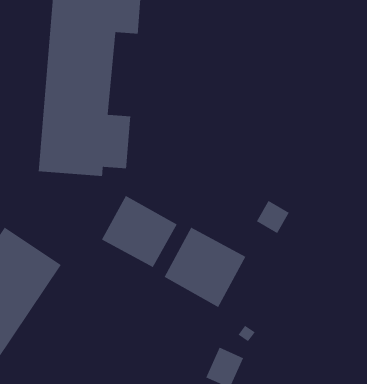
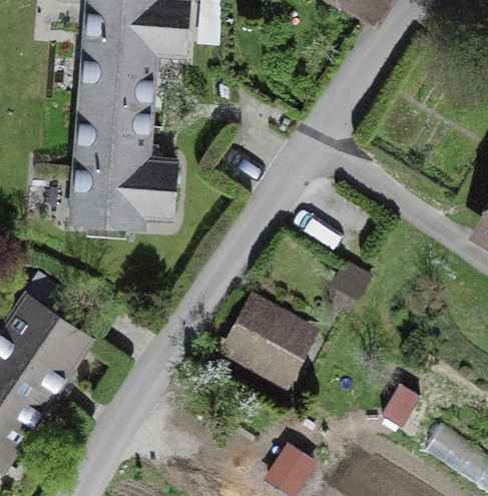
building: [101,195,178,268] -> none

